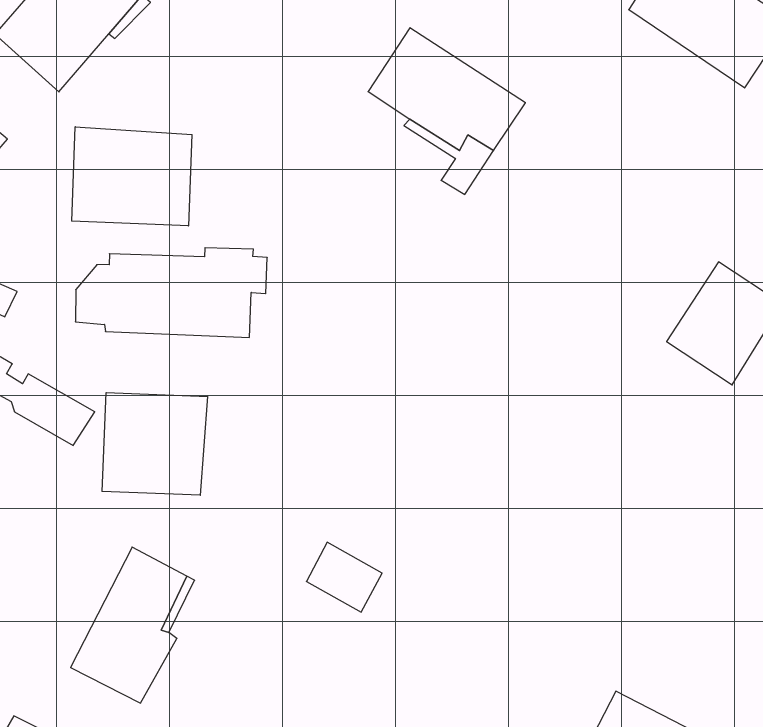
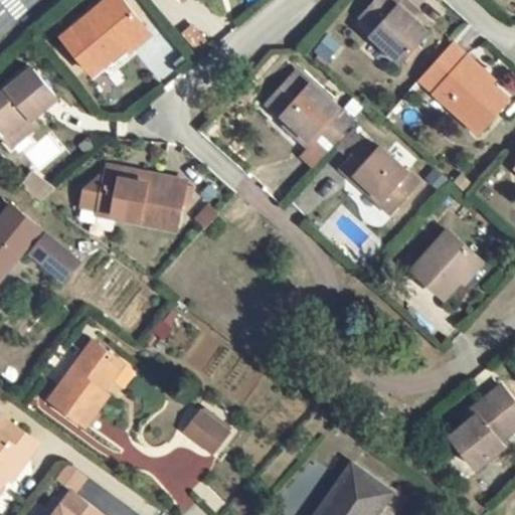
building: [72,127,192,226] -> none
building: none -> [337,141,419,216]
building: [102,393,208,495] -> none
building: [306,542,382,612] -> [184,411,227,454]

